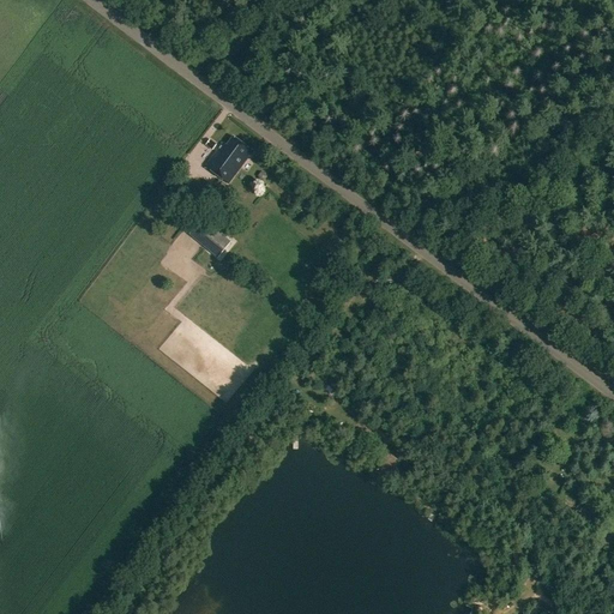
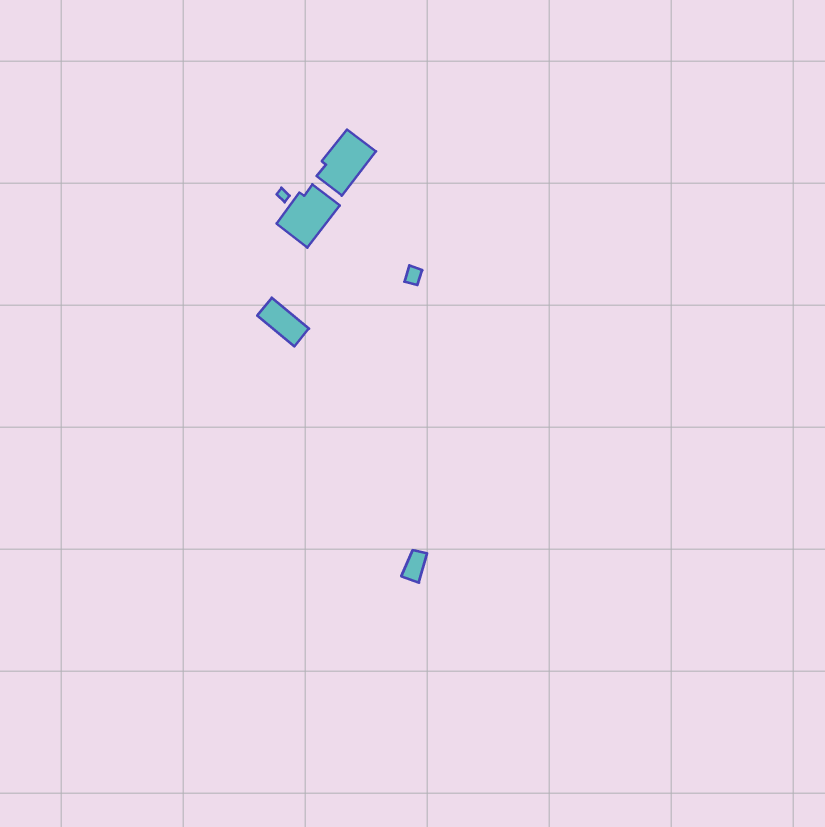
building: none -> [317,130,376,196]

